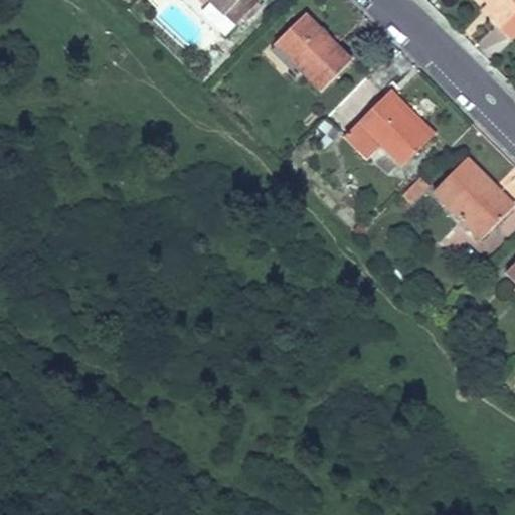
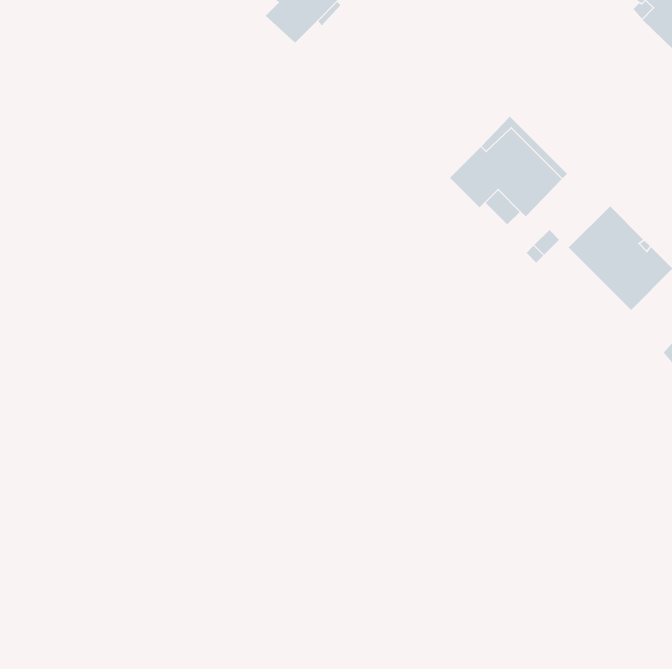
building: [276,12,353,91] -> none

